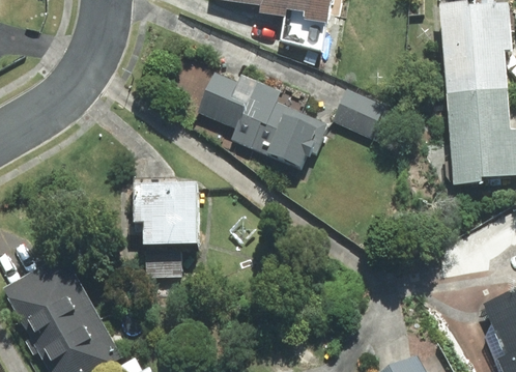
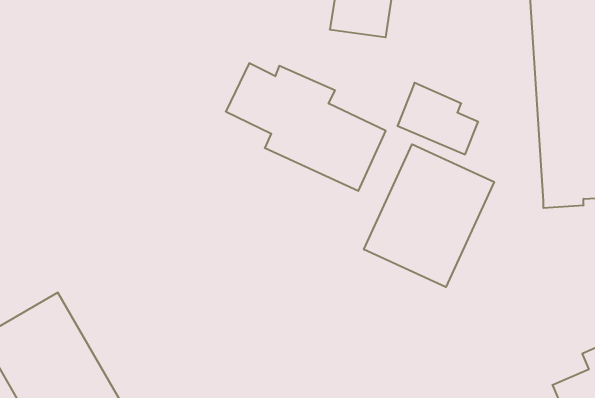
building: none -> [364,144,494,287]
building: [128,179,200,275] -> none

